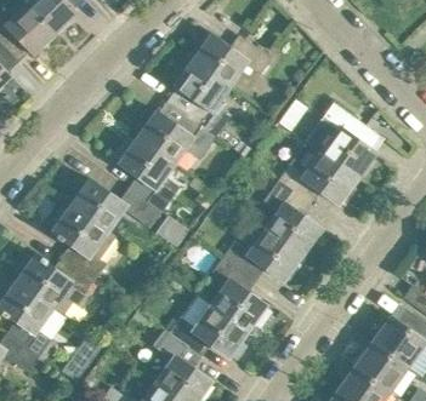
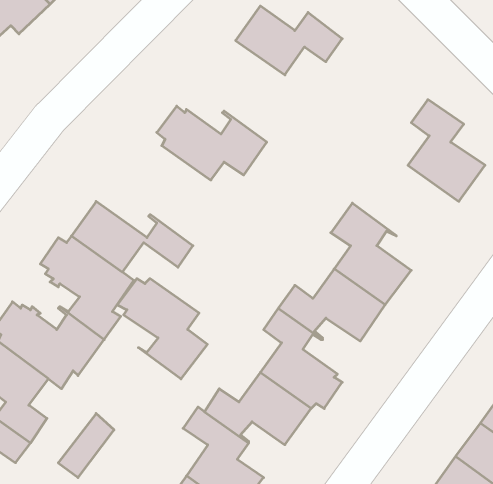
building: [169,59,229,134] -> none
building: [113,137,180,211] -> [117,279,207,379]
building: [278,142,357,205] -> none

